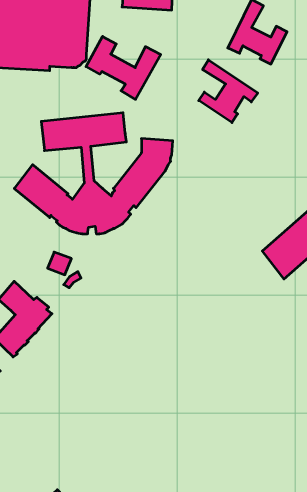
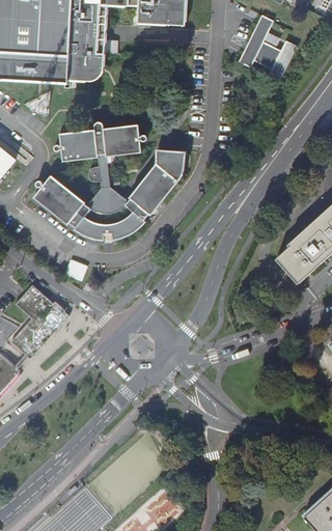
building: [86,36,161,99] -> none
building: [199,60,258,123] -> none

